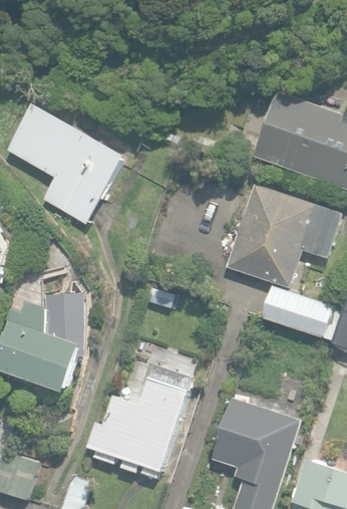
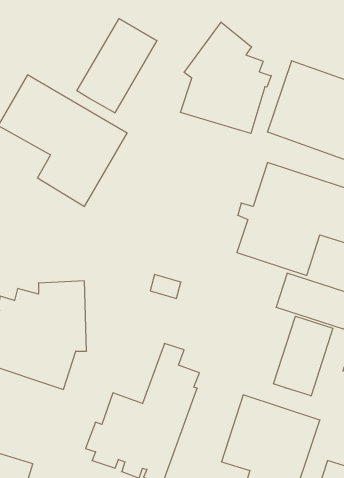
building: none -> [77,19,157,113]
building: none -> [181,22,271,133]
building: none -> [274,316,333,396]

